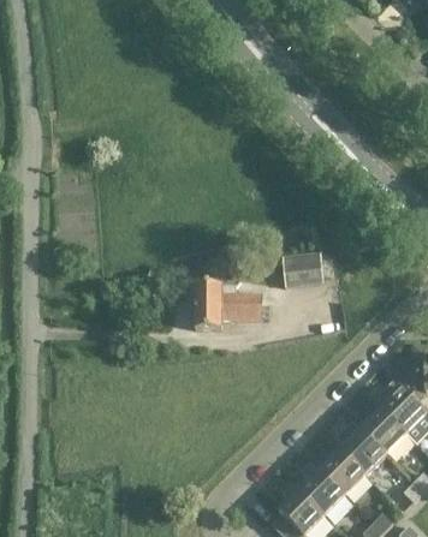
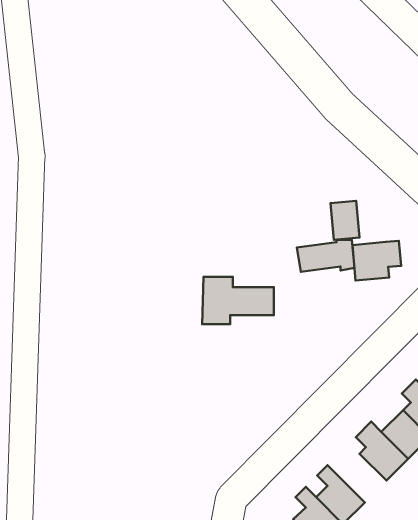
building: none -> [331,201,359,240]
building: none -> [352,241,401,280]
building: [320,448,365,494] -> none

